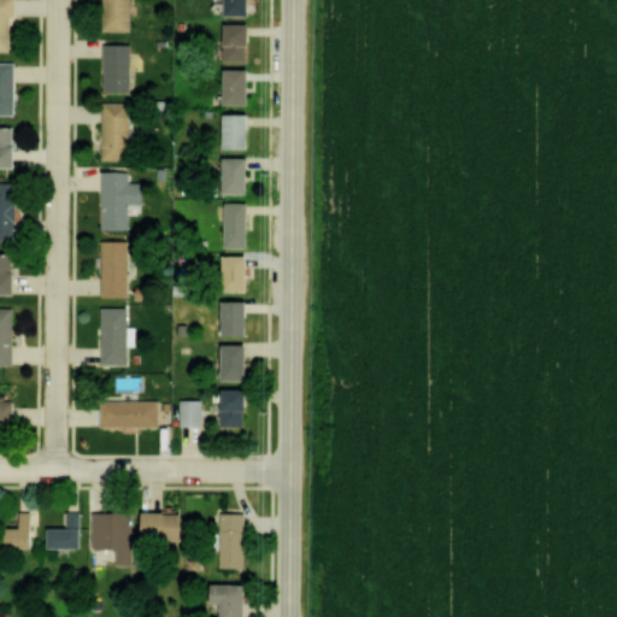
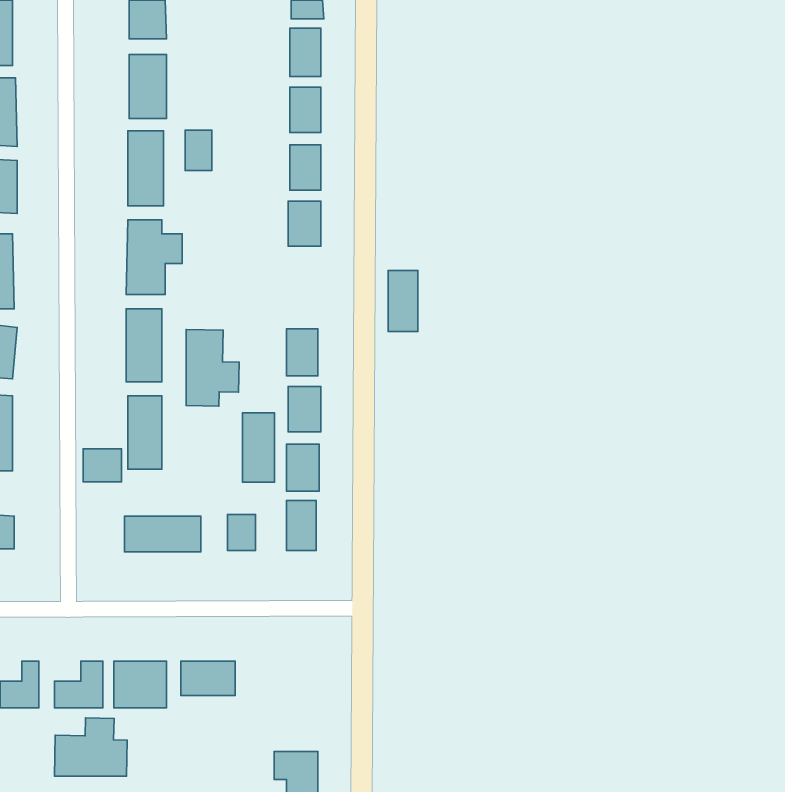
building: none -> [185,130,212,170]
building: [222,204,245,251] -> [388,271,418,331]
building: none -> [186,329,239,406]
building: none -> [242,413,274,482]
building: none -> [83,449,122,482]
building: [218,516,243,569] -> none
building: none -> [54,718,127,776]

